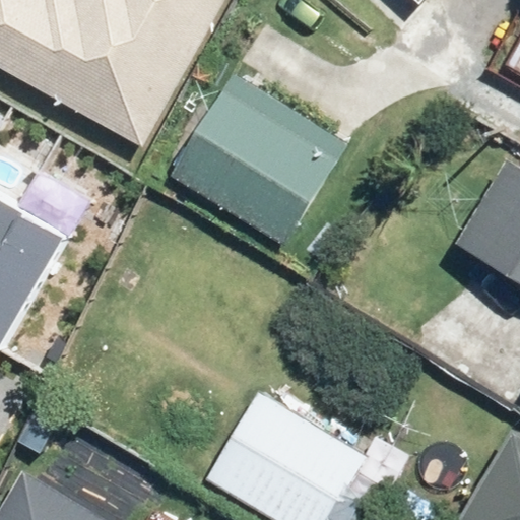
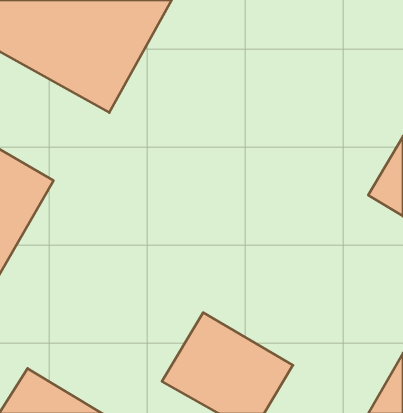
building: [171,67,353,246] -> none

